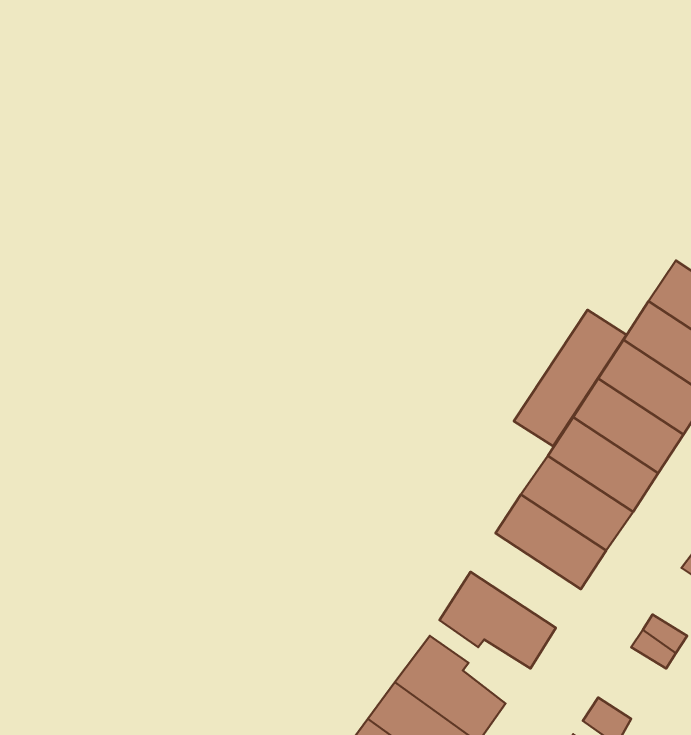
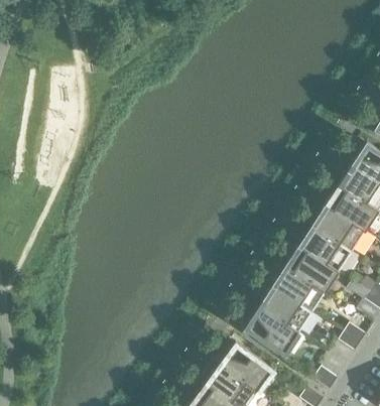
building: [514,310,627,446] -> none
building: none -> [257,283,314,332]

